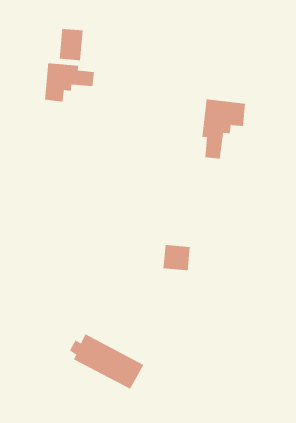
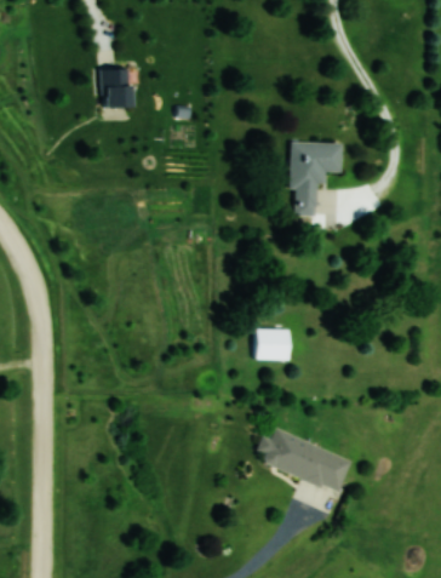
building: [45,62,94,102] -> none
building: [69,334,144,390] -> [258,428,354,493]

